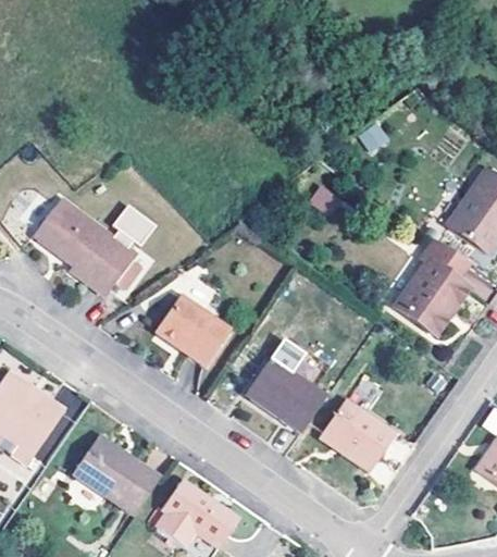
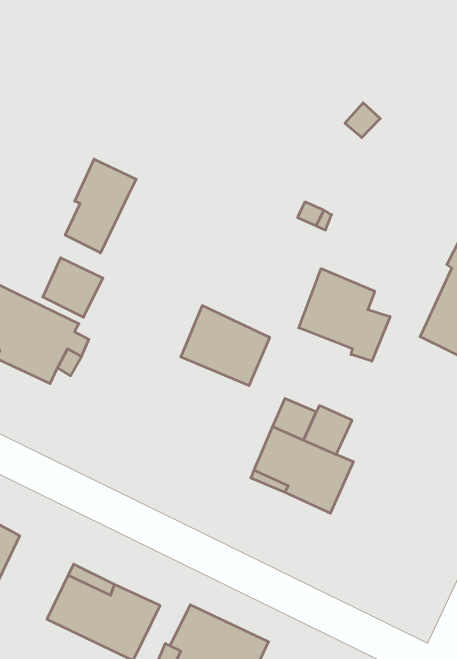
building: none -> [65,159,136,253]
building: none -> [299,269,390,361]
building: [157,296,226,362] -> [181,306,270,386]
building: [319,398,390,467] -> none

